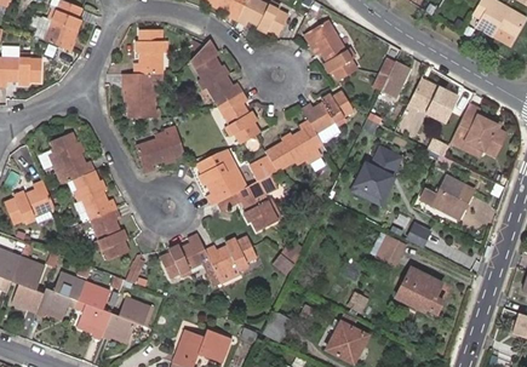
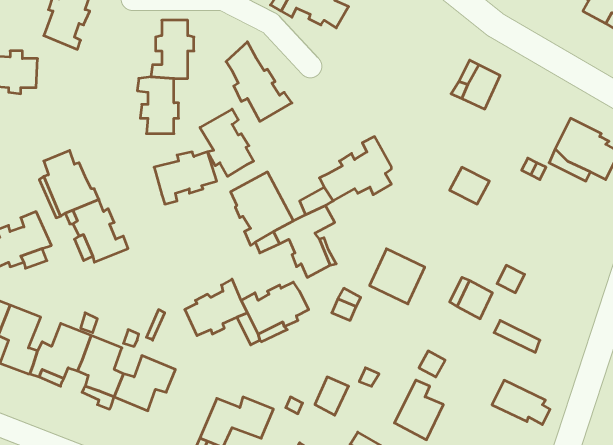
building: [304,23,357,82] -> none
building: [406,80,456,124] -> none
building: [219,94,262,148] -> [200,109,254,176]
building: [303,94,355,145] -> none
building: [351,161,395,205] -> [370,249,425,304]
building: [417,173,474,219] -> none
building: [88,210,126,260] -> none
building: [395,276,441,311] -> [492,380,550,425]

